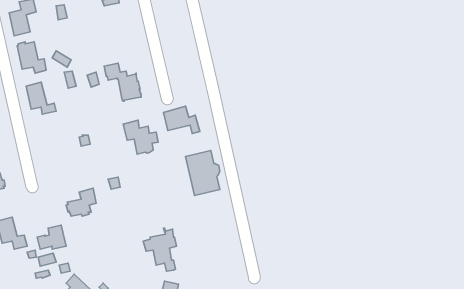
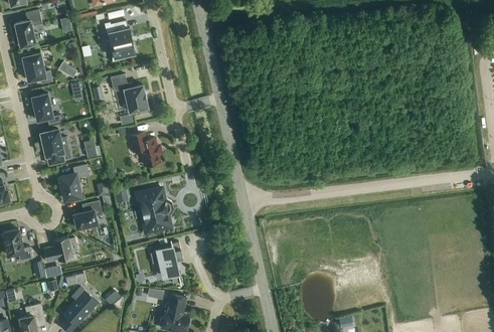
building: none -> [104,20,136,62]
building: [163,106,200,133] -> none
building: none -> [41,130,70,165]
building: [186,150,220,195] -> [137,188,171,233]
building: none -> [59,164,90,200]

